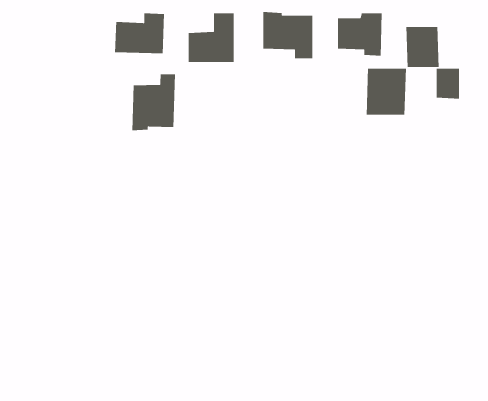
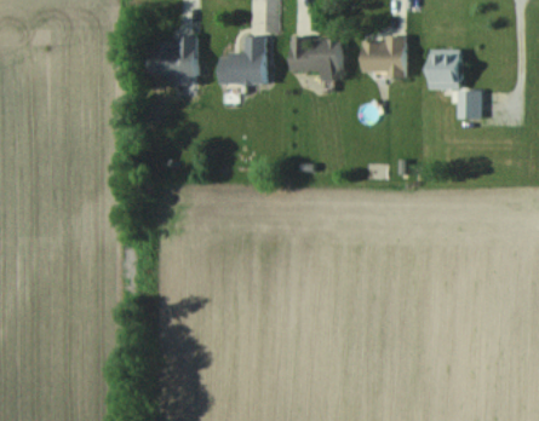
building: [366,68,407,115] -> none
building: [131,73,176,131] -> none

